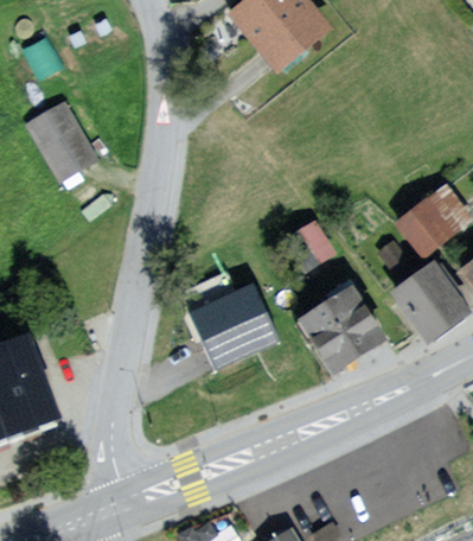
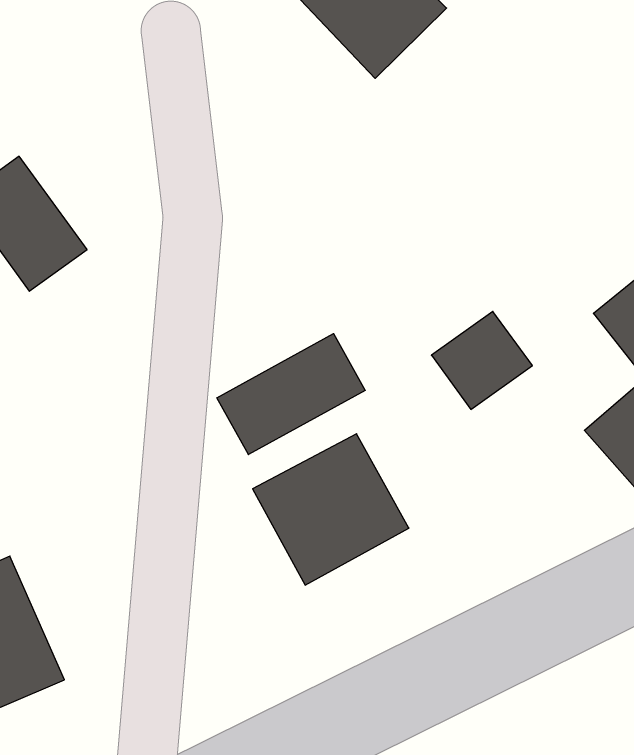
building: none -> [217,334,365,455]
building: [294,279,394,375] -> none

